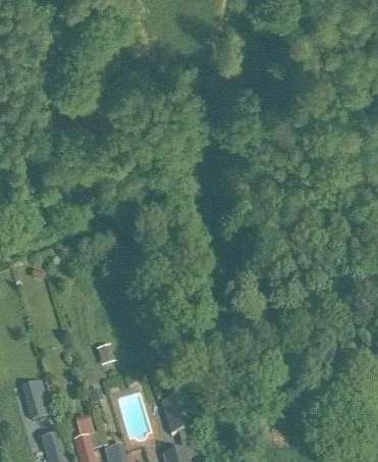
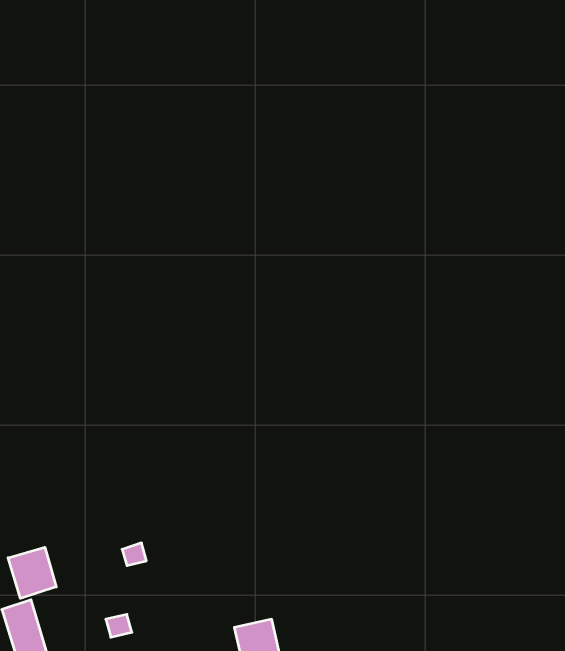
building: none -> [8,547,56,598]

